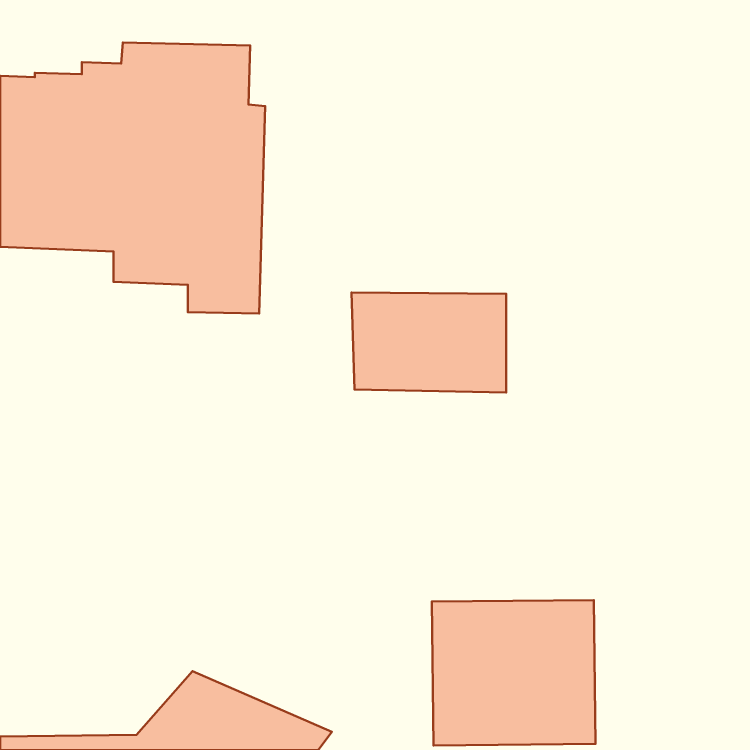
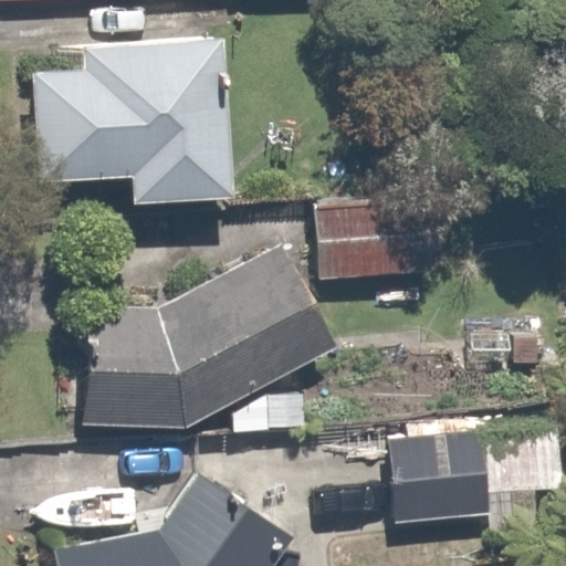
building: none -> [32,260,306,432]

